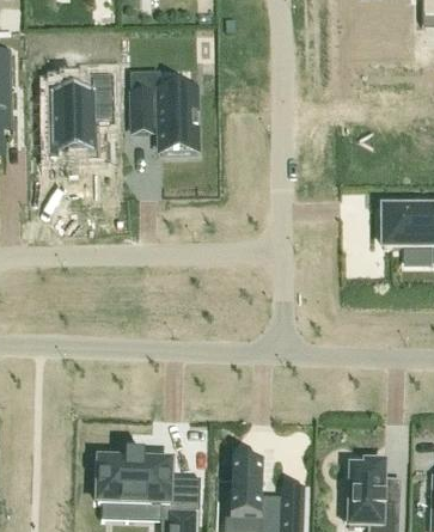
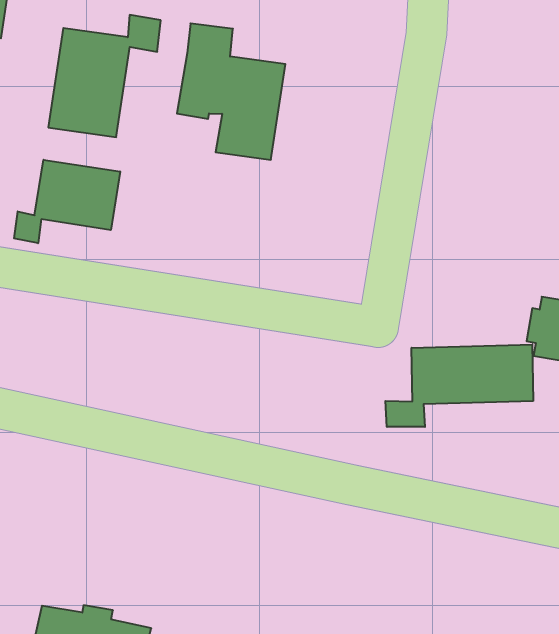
building: none -> [14,160,120,243]
building: none -> [385,344,533,427]

